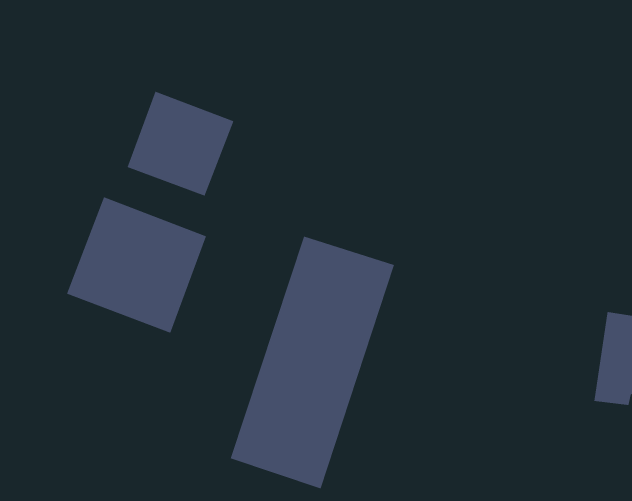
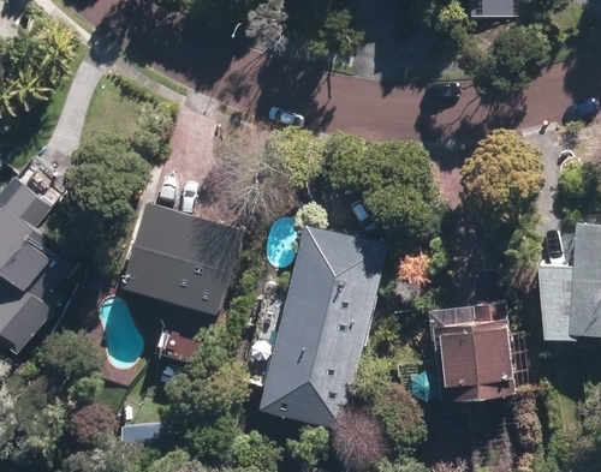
building: [127,91,234,196] -> none
building: none -> [440,286,508,395]

